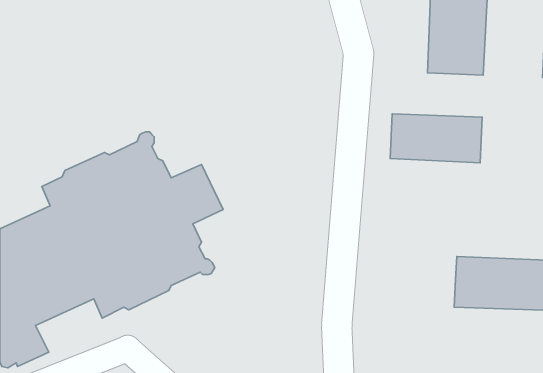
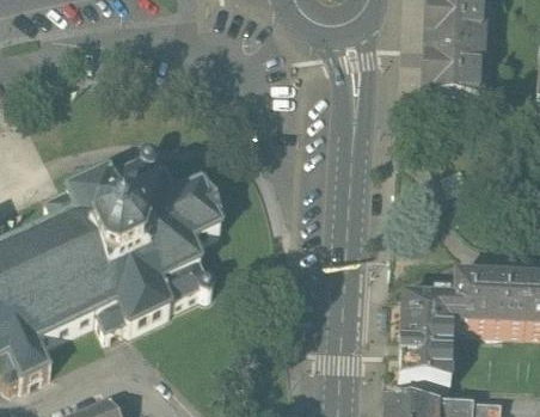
building: [390,114,482,163] -> none
building: none -> [398,293,452,378]

